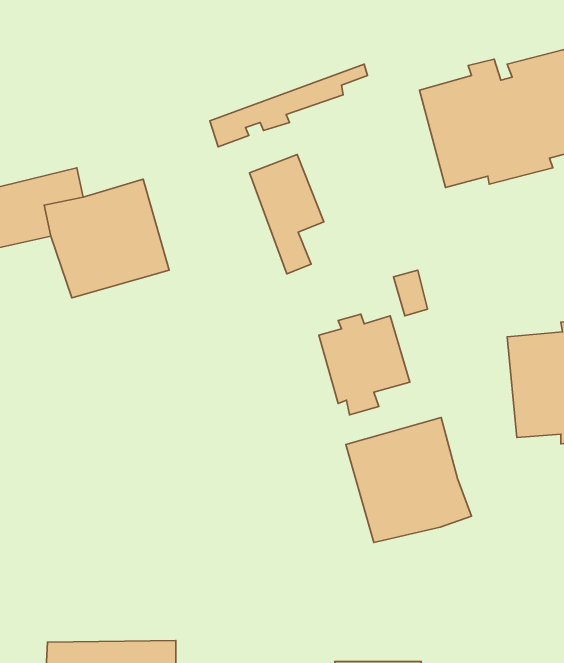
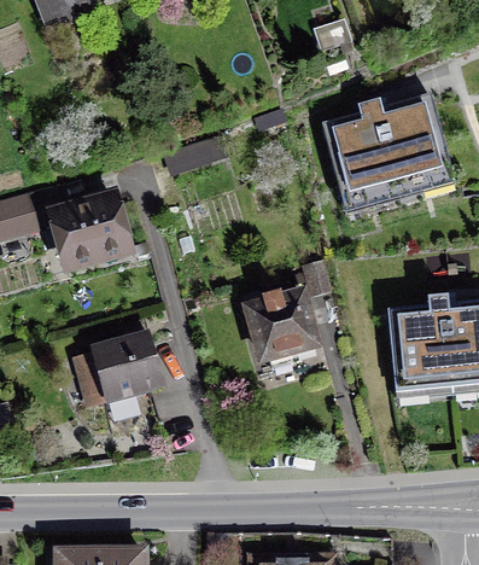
building: [249,154,324,274] -> none
building: none -> [90,337,165,409]
building: [346,418,471,543] -> none

